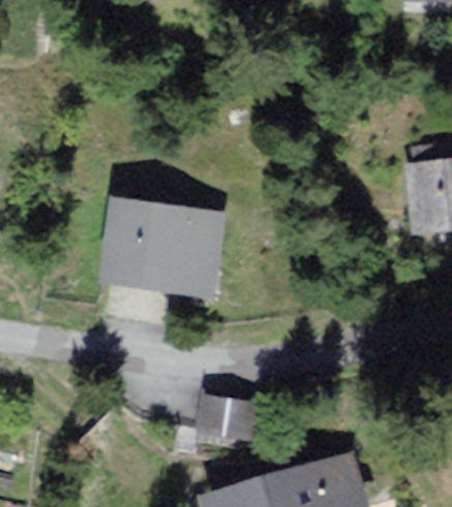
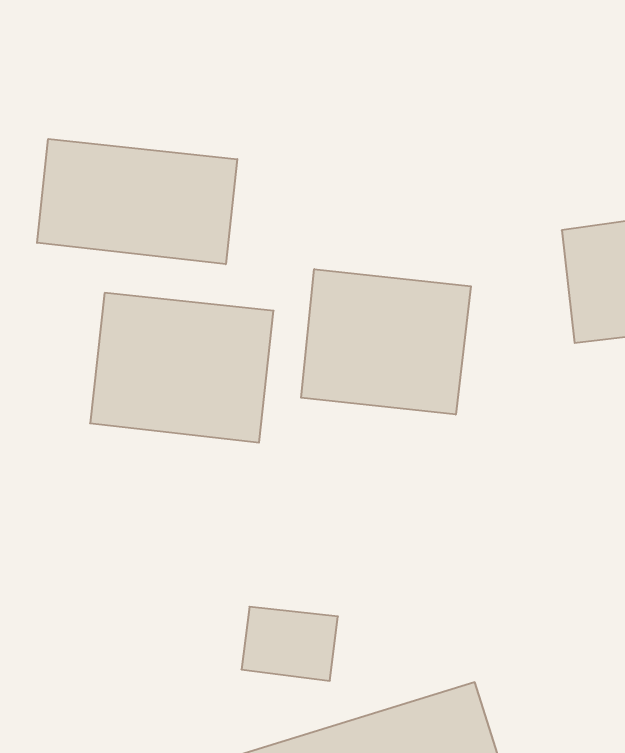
building: none -> [37,139,237,264]
building: none -> [301,269,471,415]

